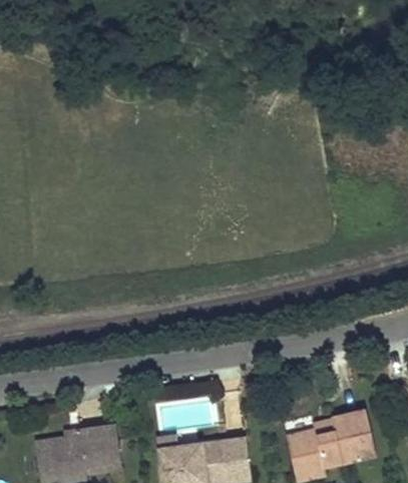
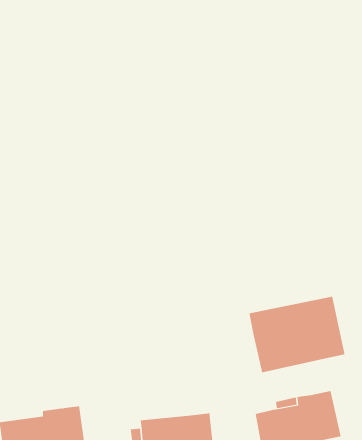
building: none -> [249,296,345,373]

